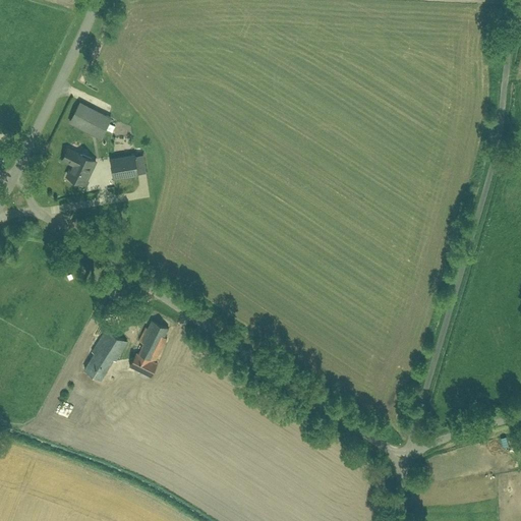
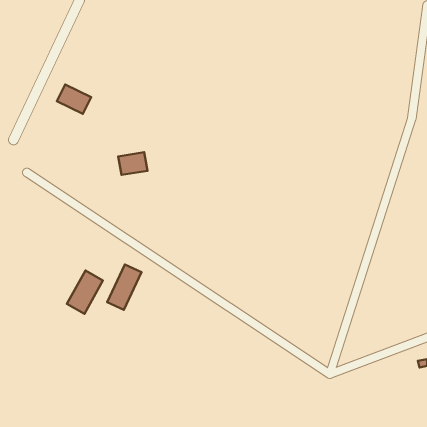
building: [60,147,100,189] -> none
building: [109,154,144,181] -> [118,152,147,175]

